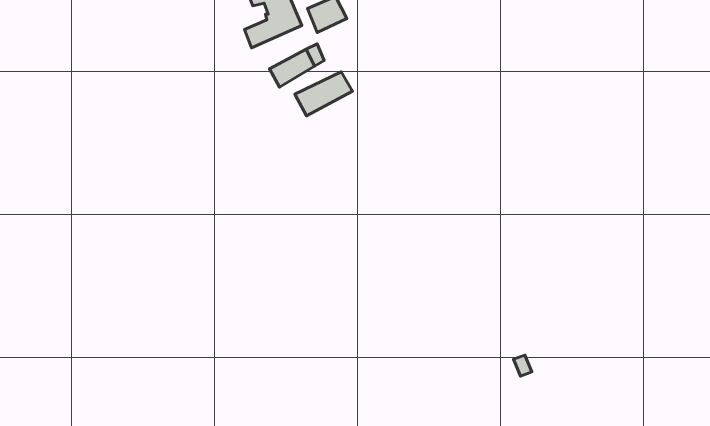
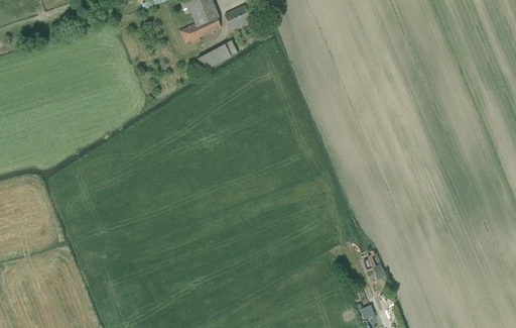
building: [295,72,353,116] -> none

